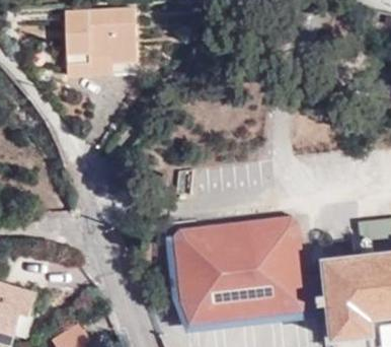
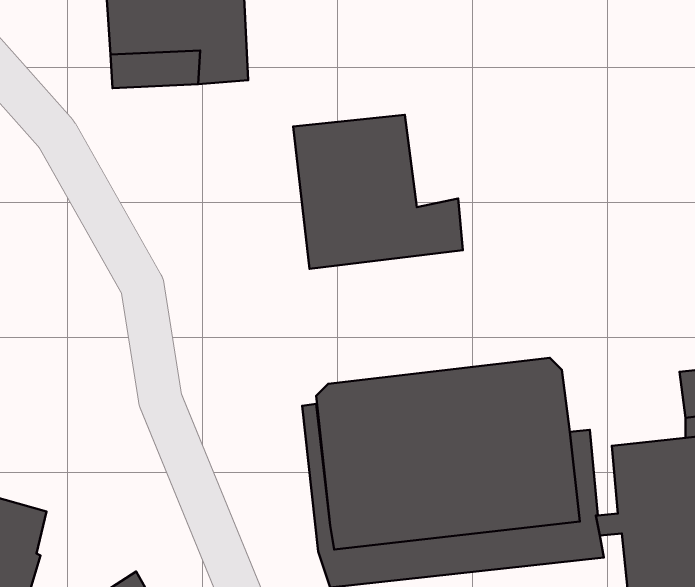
building: none -> [293,115,463,269]

